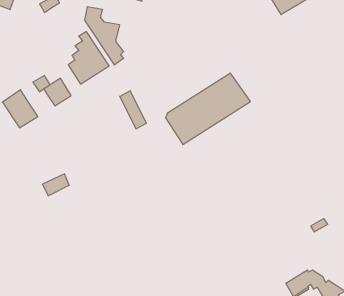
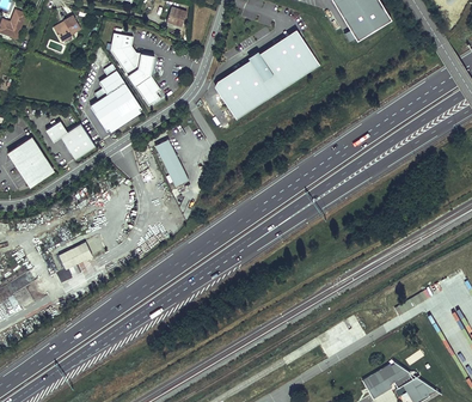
building: [166,73,250,145] -> [215,30,321,120]

